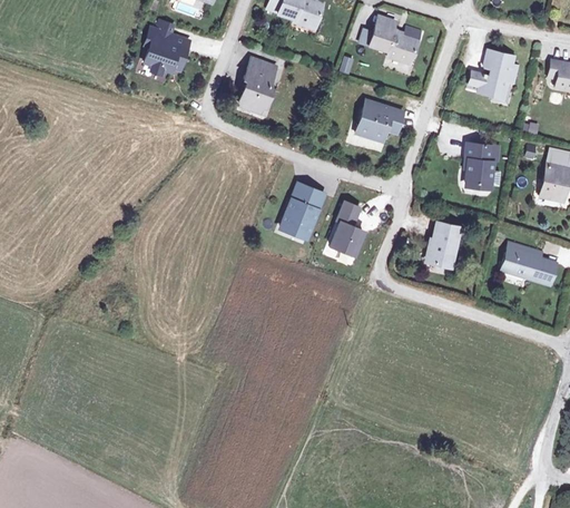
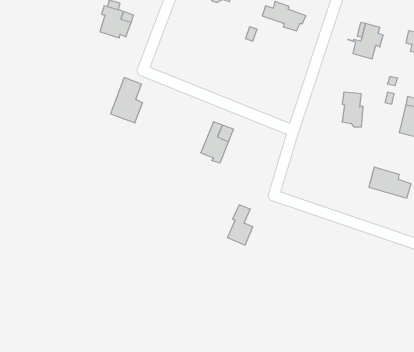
building: [235,57,277,117] -> [111,78,143,123]
building: [355,99,403,141] -> none
building: [327,202,361,255] -> [227,205,253,245]
building: [430,222,461,267] -> none

